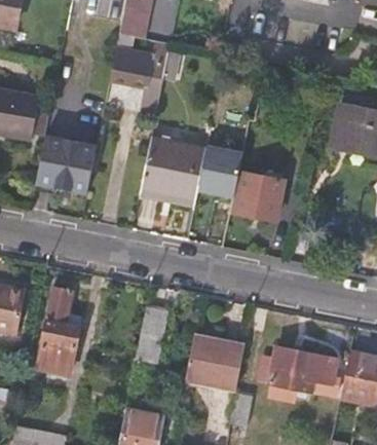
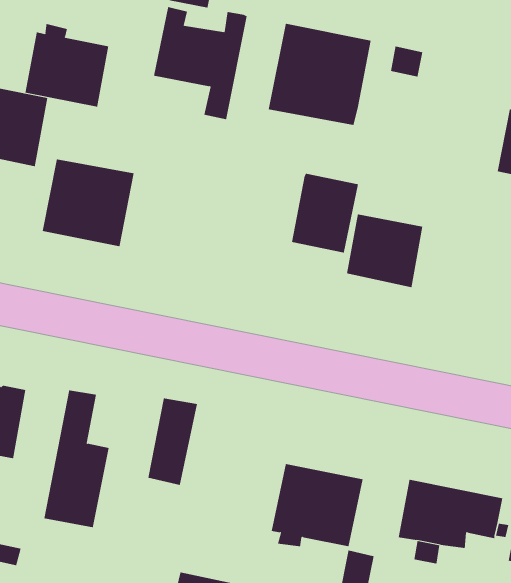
building: none -> [25,23,109,107]
building: [140,137,208,203] -> [268,23,371,125]
building: [136,306,168,364] -> [148,398,198,486]

